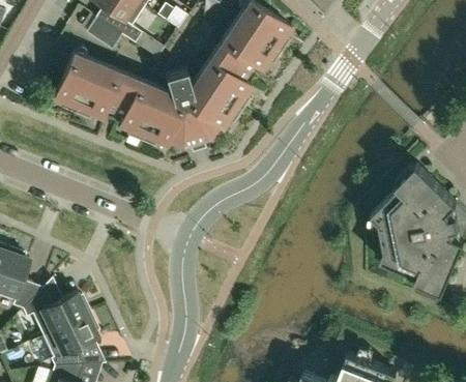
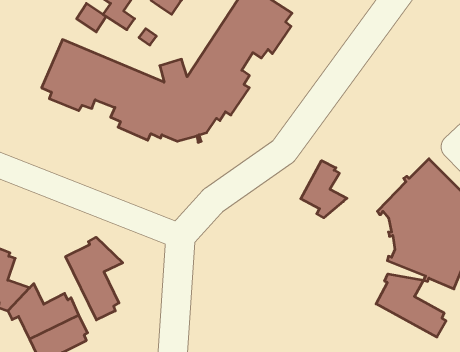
building: none -> [301,161,347,218]
building: none -> [66,237,123,320]
building: none -> [376,274,446,337]

